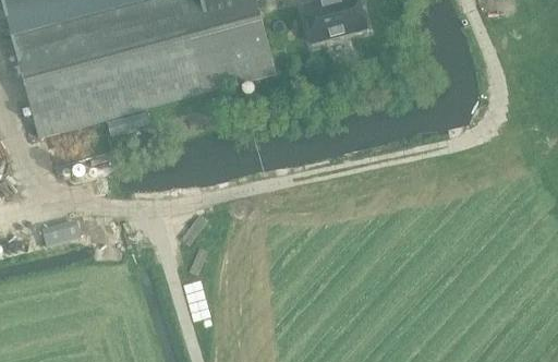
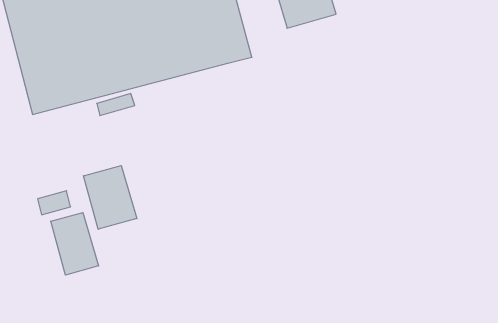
building: none -> [83,166,137,229]
building: none -> [51,213,99,275]

